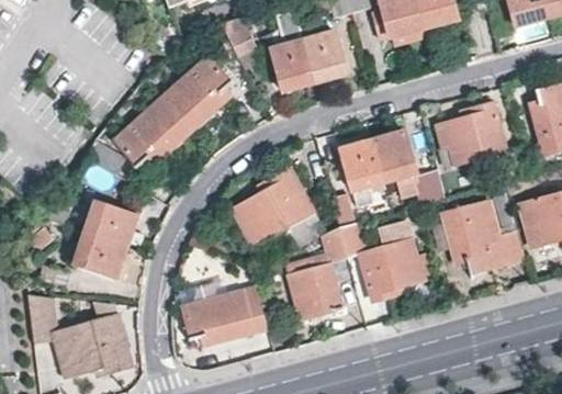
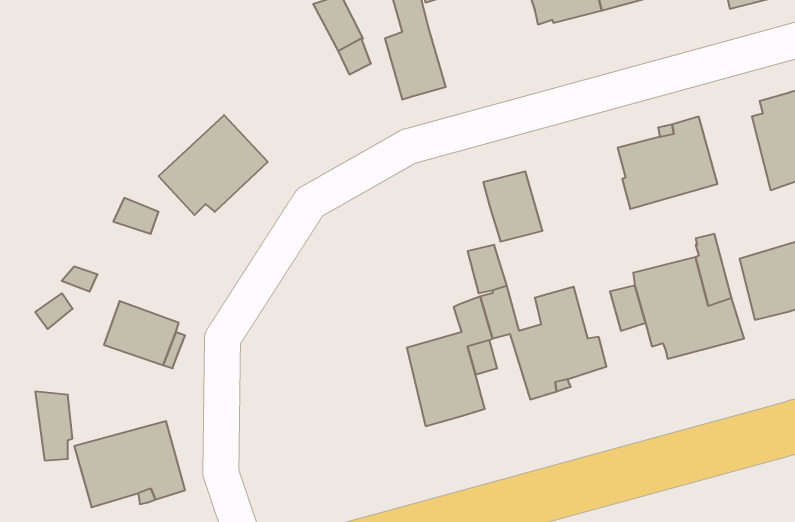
building: [302,30,347,80] -> none
building: [158,56,229,133] -> none
building: [370,130,441,202] -> none
building: [232,166,324,247] -> none
building: [85,199,137,246] -> none
building: [183,285,268,345] -> none

